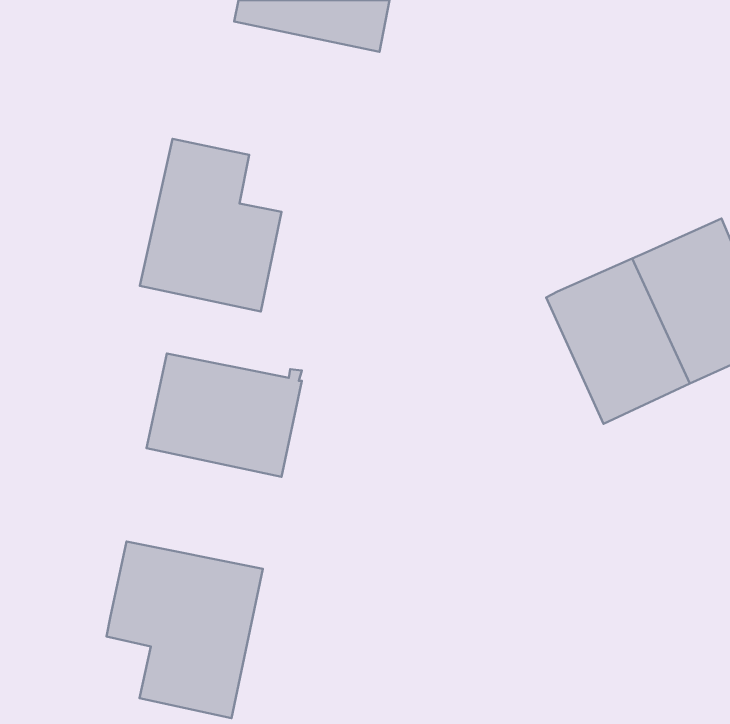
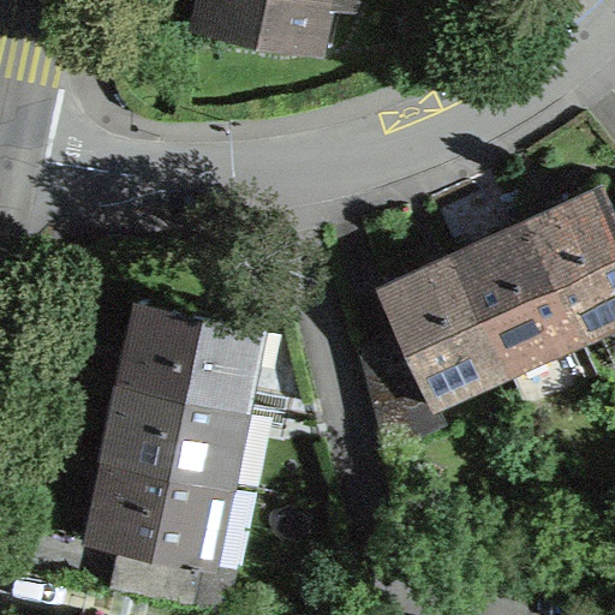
building: [140,139,282,312] -> none
building: none -> [364,257,508,432]
building: none -> [109,383,239,484]

